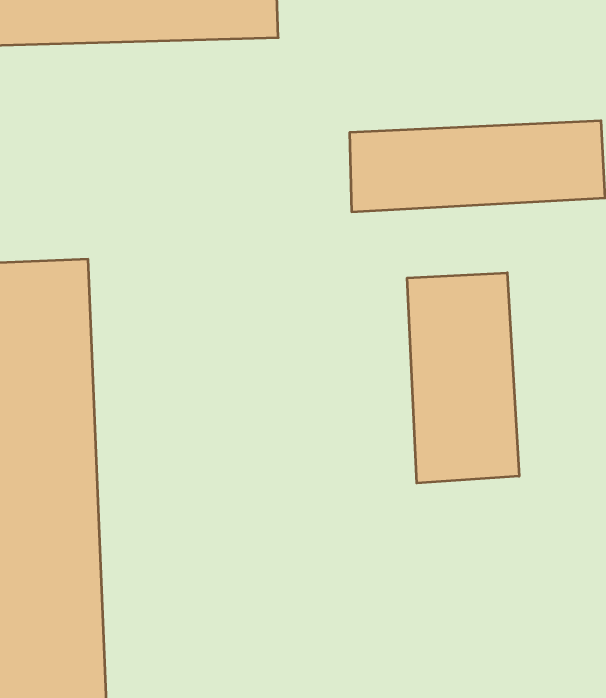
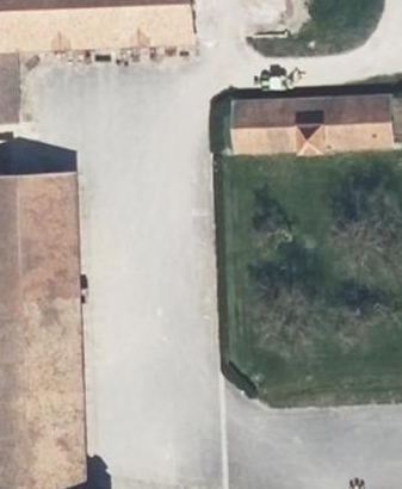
building: [407,273,519,483] -> none

